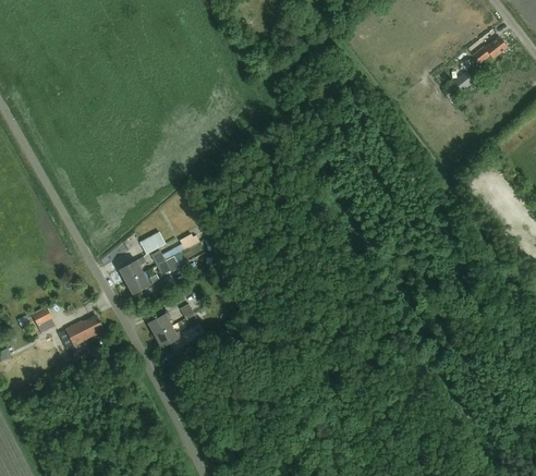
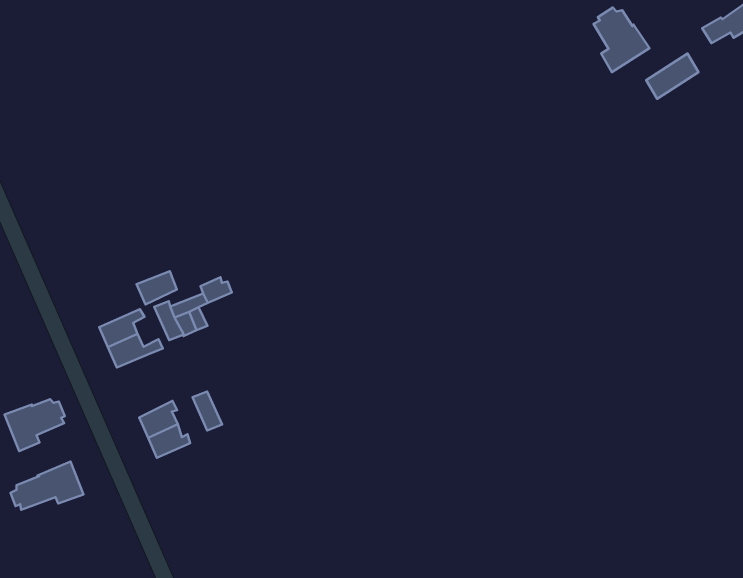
building: none -> [594,8,650,72]
building: none -> [10,462,83,510]

